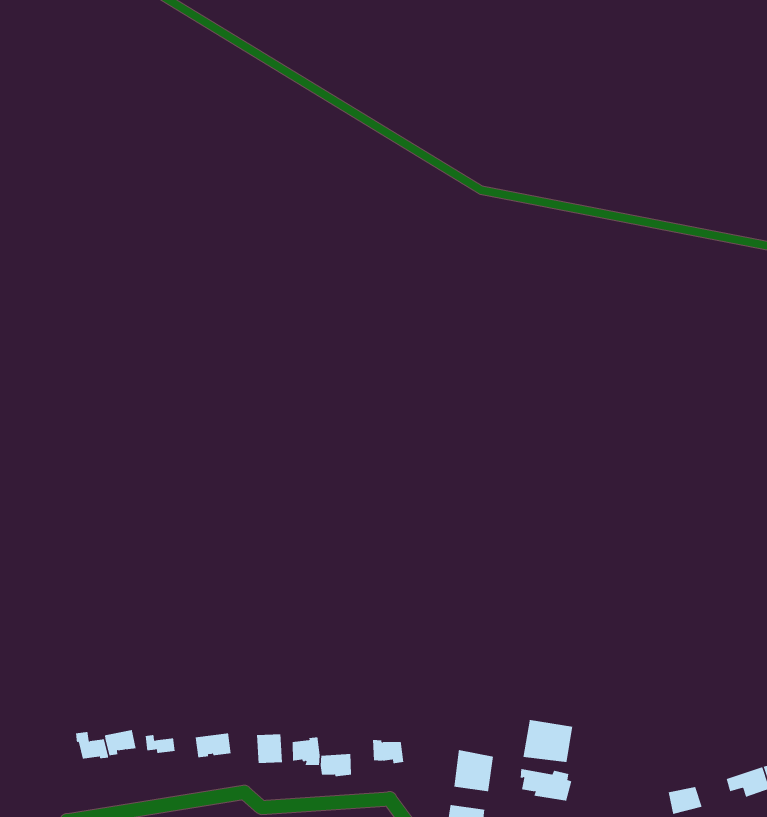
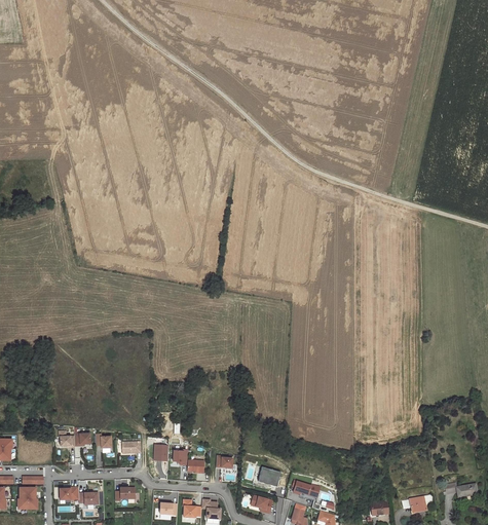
building: [523,719,573,763] -> none

